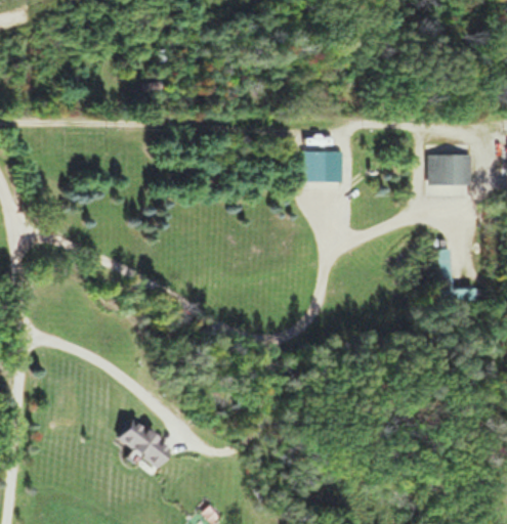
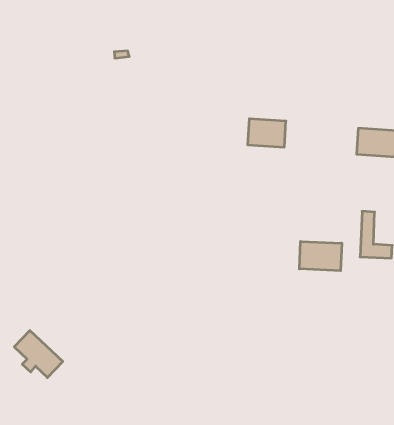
building: none -> [299,241,342,271]
building: [115,418,171,470] -> [14,331,63,378]

